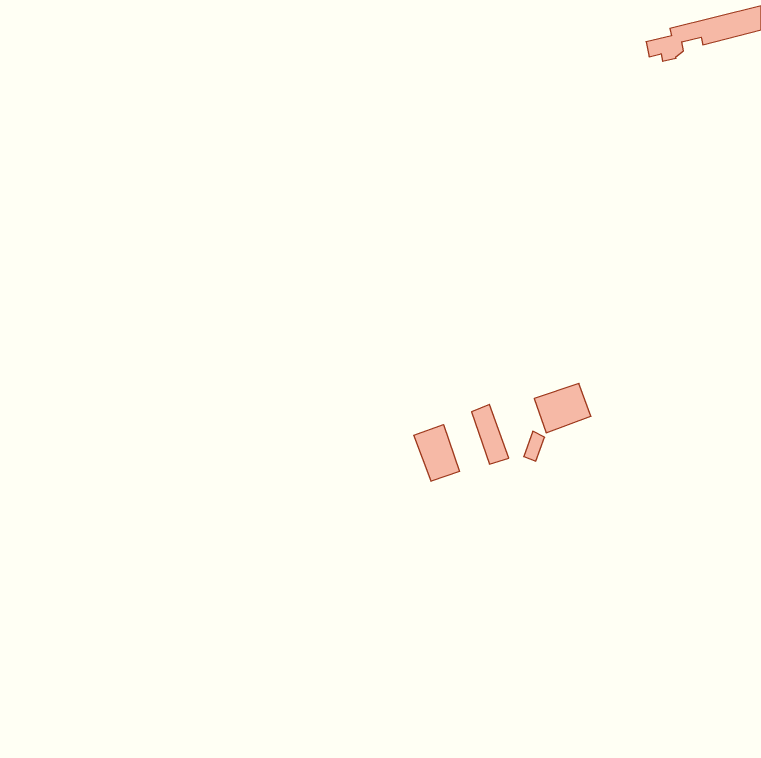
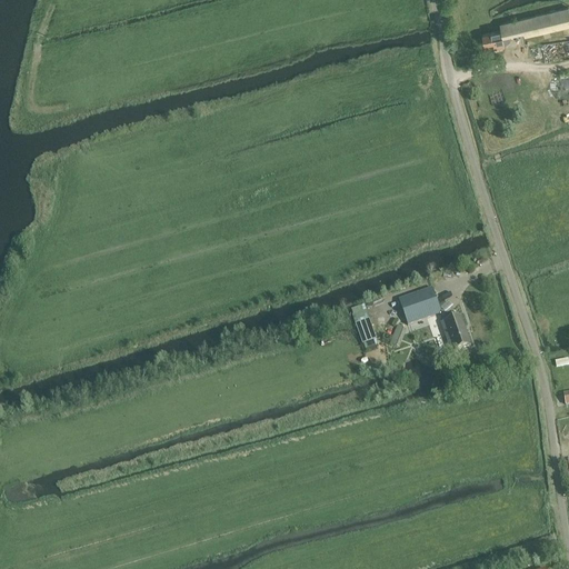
building: none -> [440,313,470,349]
building: [414,425,460,481] -> none

